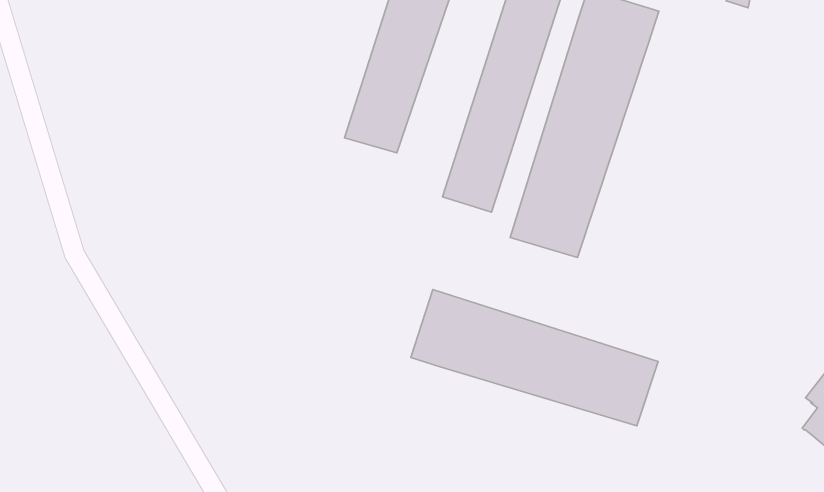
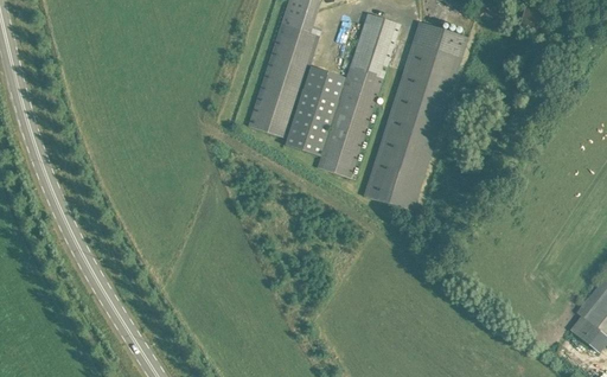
building: none -> [283,65,344,155]
building: [411,290,658,426] -> none

